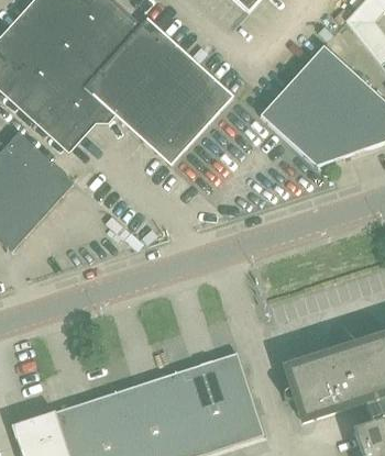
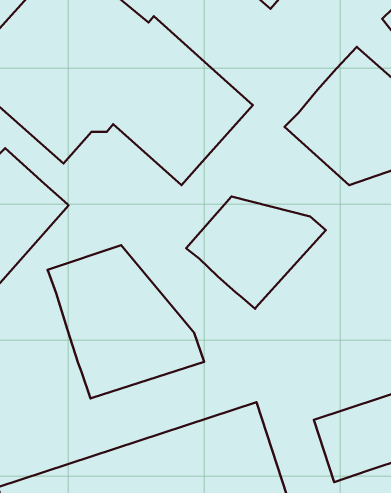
building: none -> [186,196,326,309]
building: none -> [48,245,204,398]

